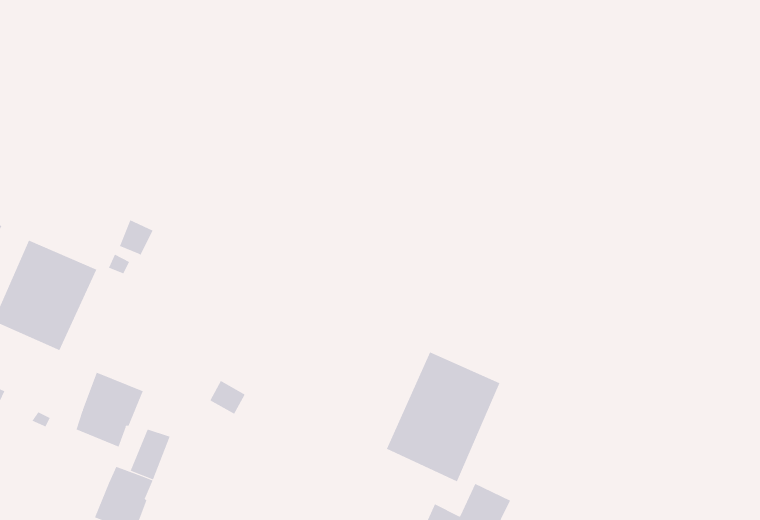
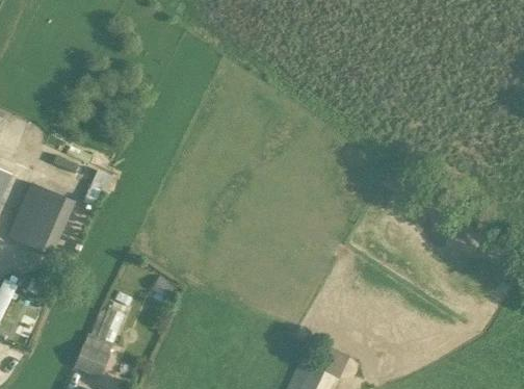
building: [386,351,500,482] -> none
building: [76,372,143,447] -> none

